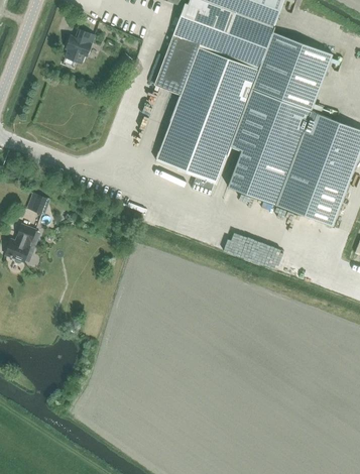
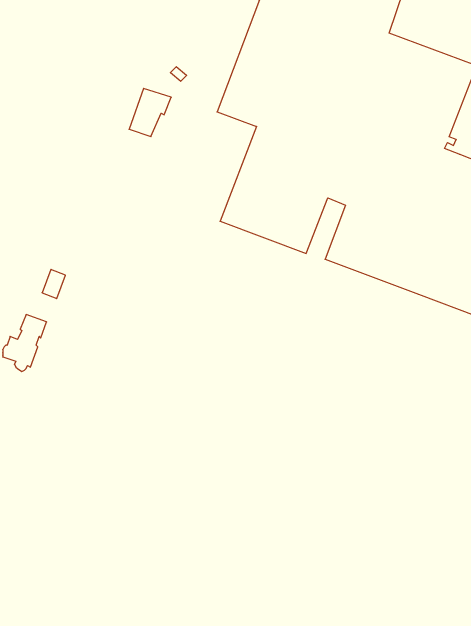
building: [66,29,95,63] -> [129,88,171,137]

